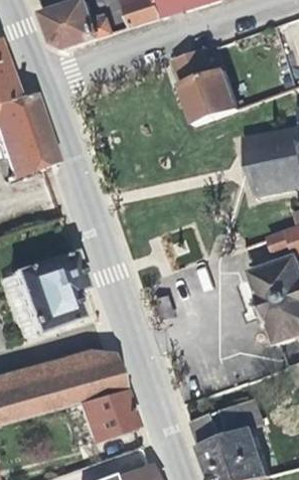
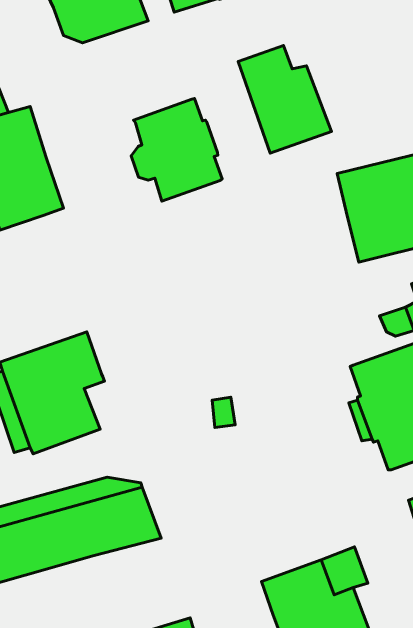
building: none -> [131,99,222,201]
building: [74,392,133,443] -> none

